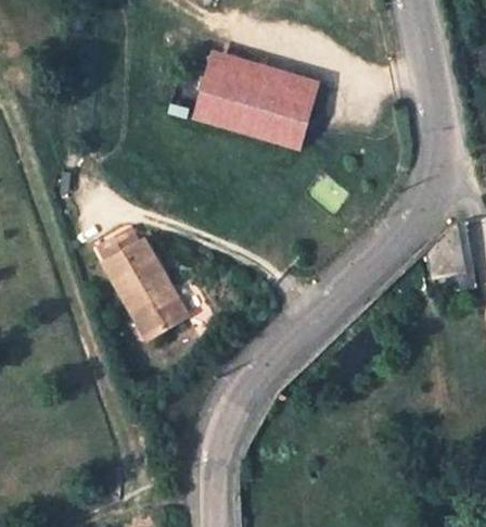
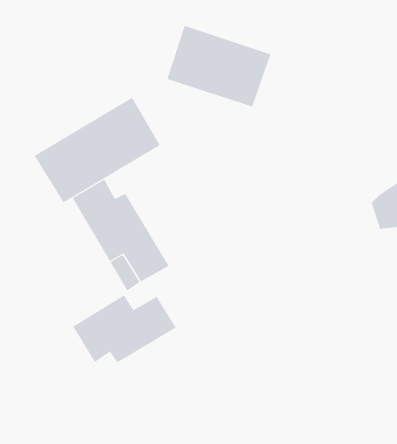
building: none -> [34,97,161,203]
building: none -> [73,295,177,363]

